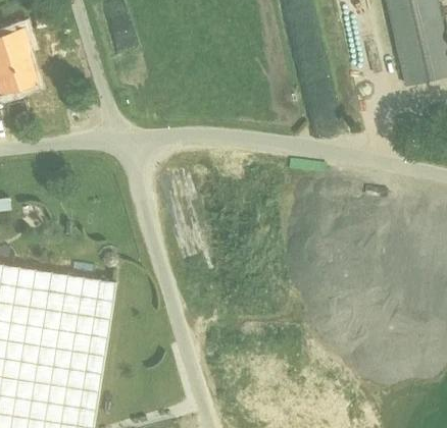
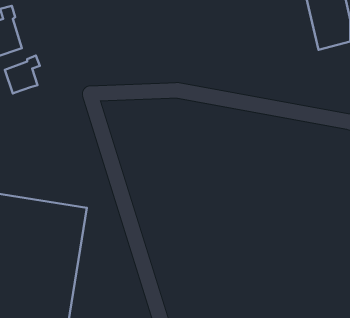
building: none -> [5,56,40,93]

